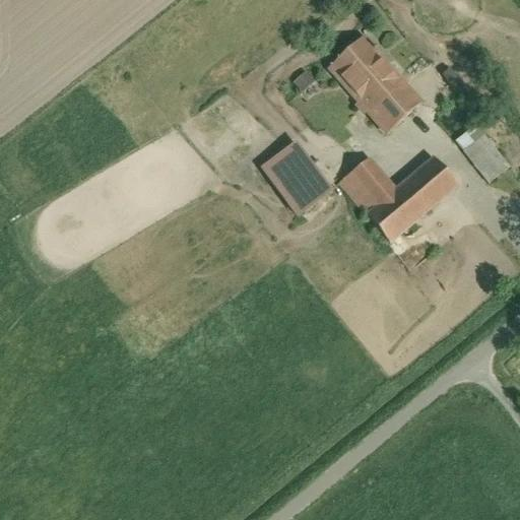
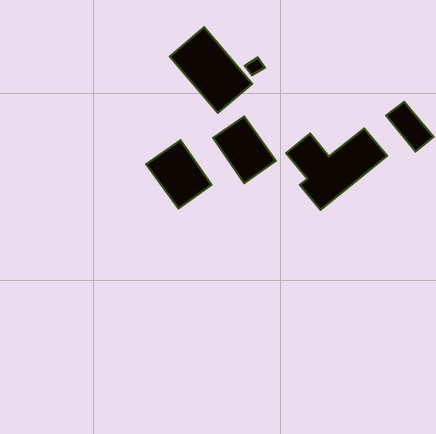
building: [325,34,422,135] -> [170,27,252,113]
building: none -> [146,140,212,208]

